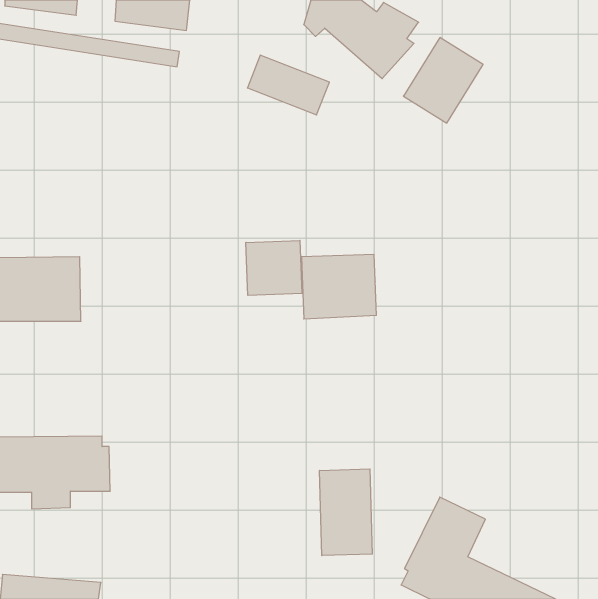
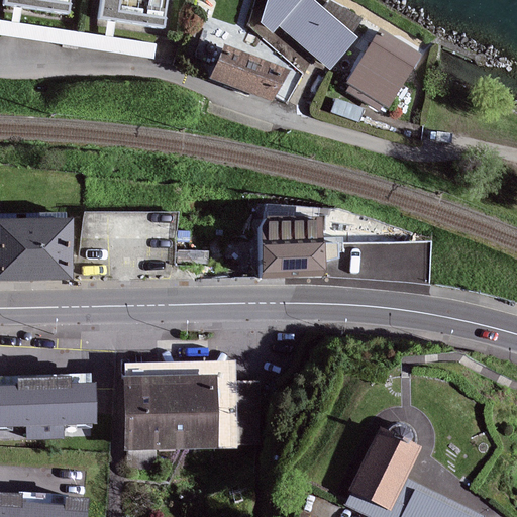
building: [246,240,302,295] -> none
building: none -> [124,363,236,447]
building: [320,469,372,556] -> none

